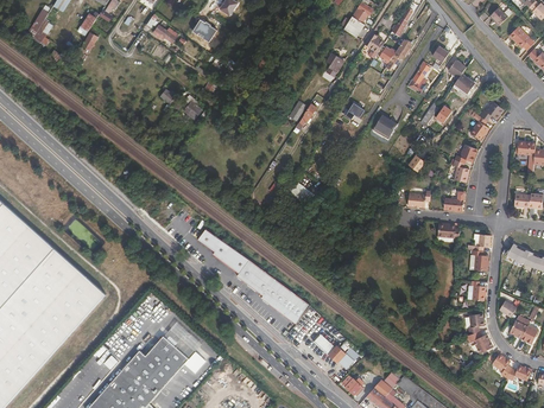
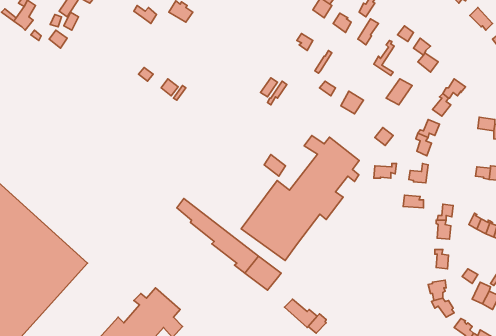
building: none -> [241,136,359,260]

